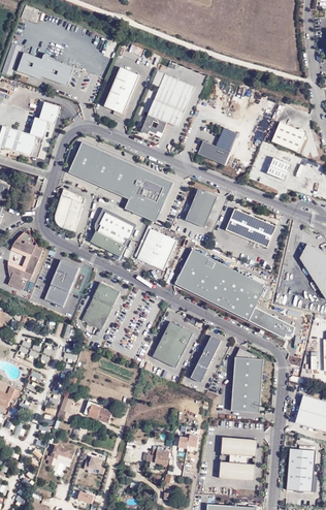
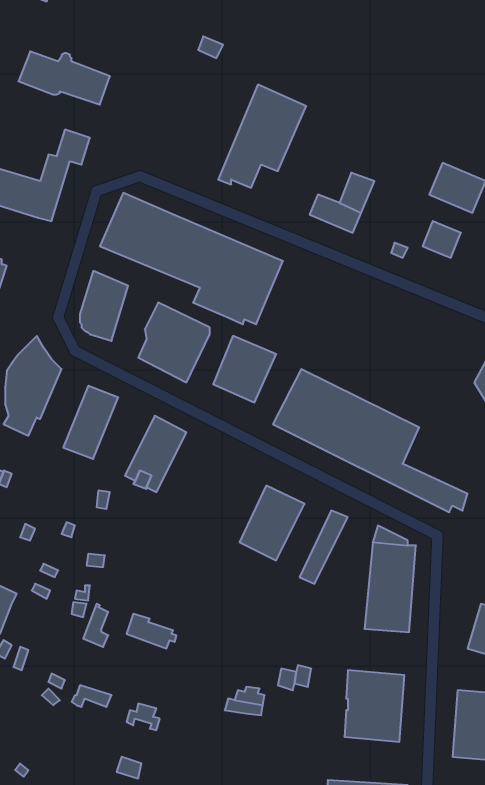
building: [103,66,139,118] -> none
building: [185,188,217,228] -> none
building: [227,209,278,247] -> none

